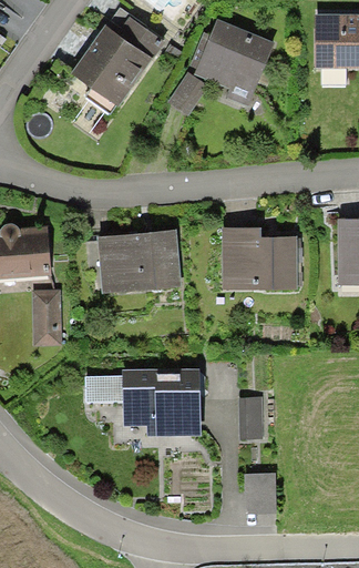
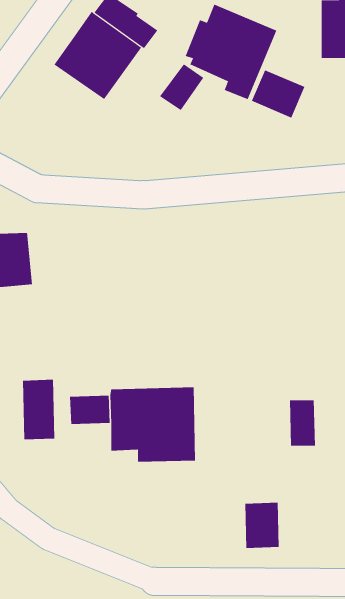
building: none -> [251,70,305,118]
building: [223,226,298,290] -> none
building: [98,229,182,293] -> none
building: [32,290,62,345] -> [22,379,55,440]
building: [239,397,264,439] -> [289,400,316,446]

